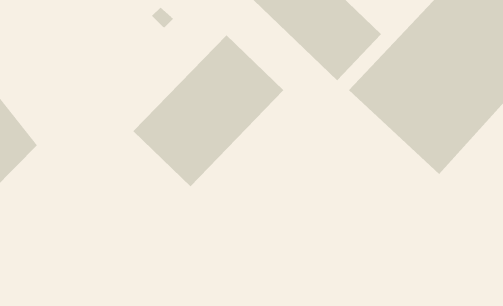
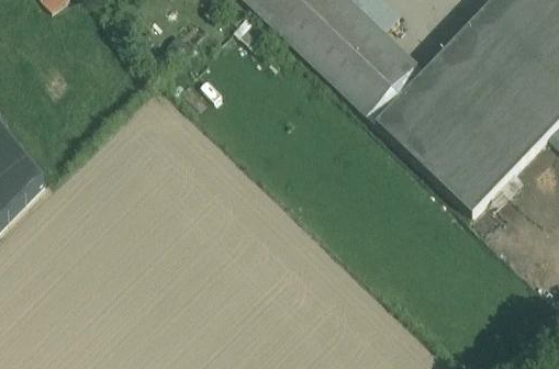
building: [133,34,284,187] -> none

